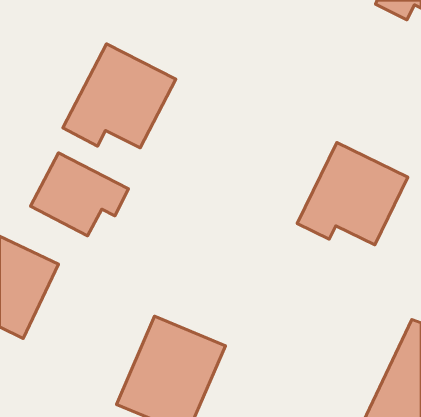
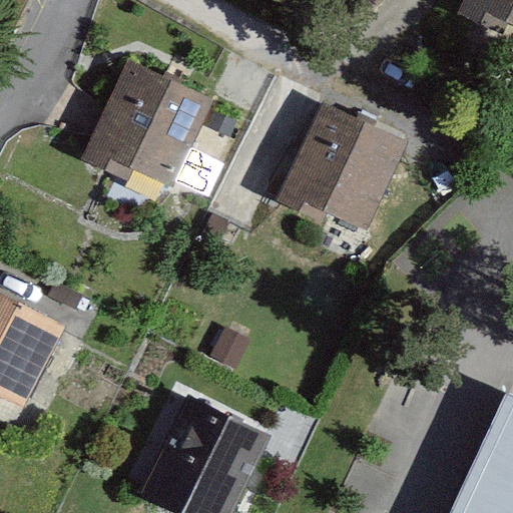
building: [297,143,408,245] -> [275,102,409,226]
building: [31,153,129,236] -> none

